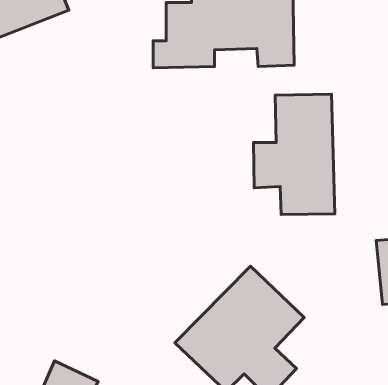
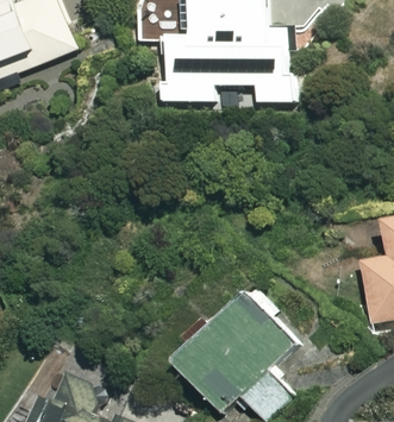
building: [253,94,335,214] -> none

